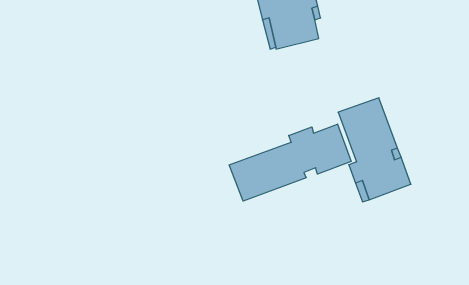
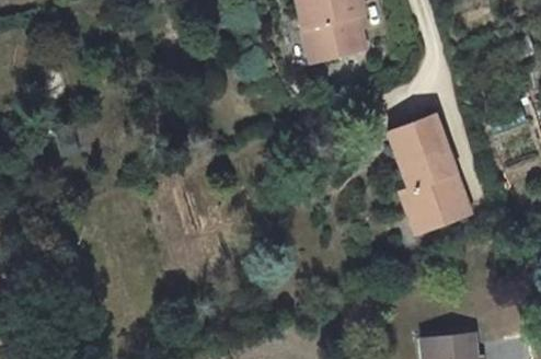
building: [229,124,351,201] -> none

